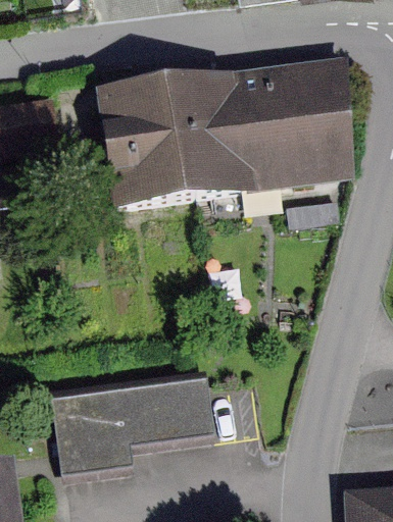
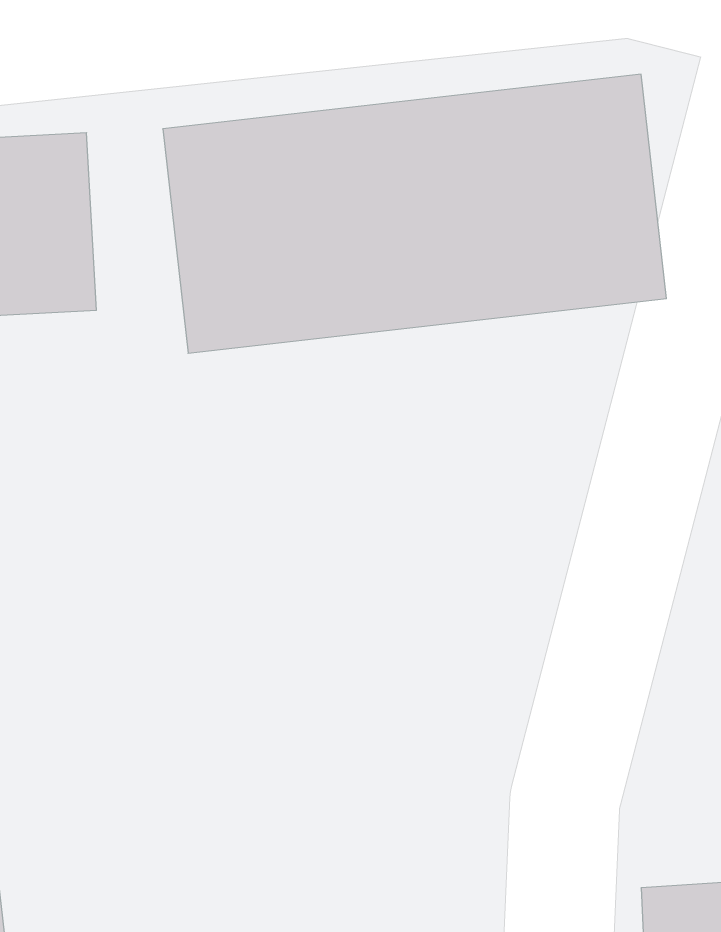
building: [51,371,211,471] -> none

